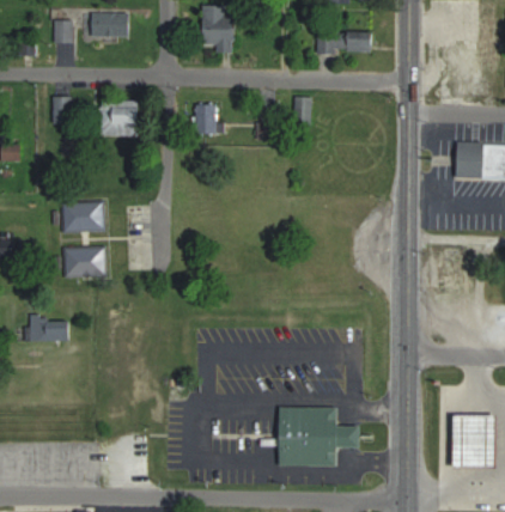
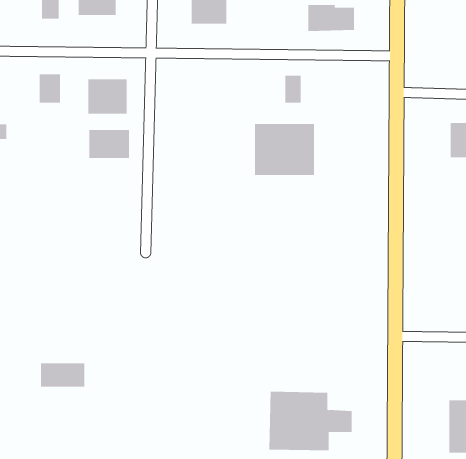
building: [197,102,223,133] -> none
building: none -> [254,123,314,176]
building: [63,202,104,231] -> [88,129,130,159]
building: [66,248,107,276] -> none
building: [26,317,71,341] -> [40,363,85,387]

